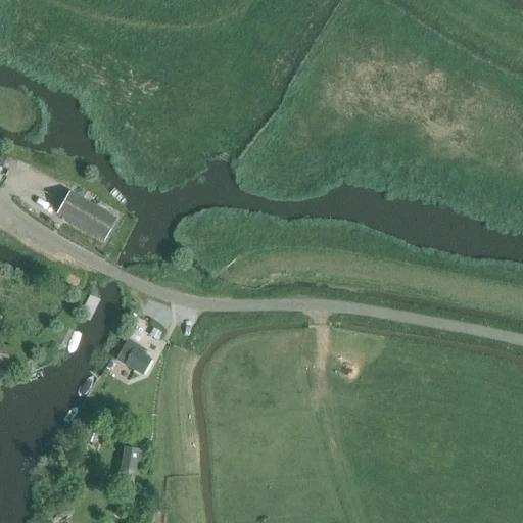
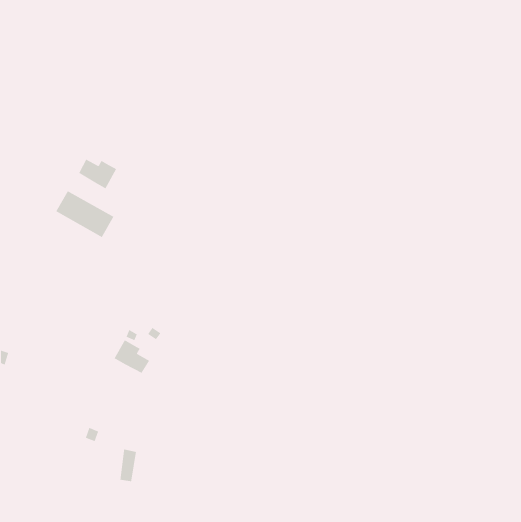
building: none -> [78,159,117,190]

